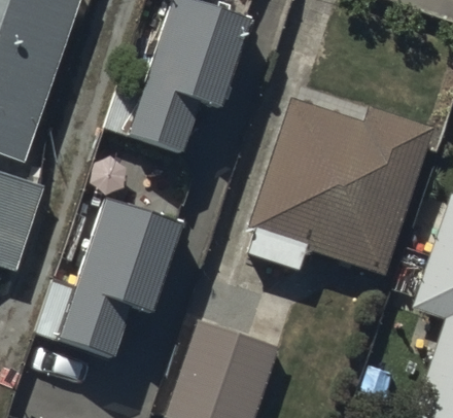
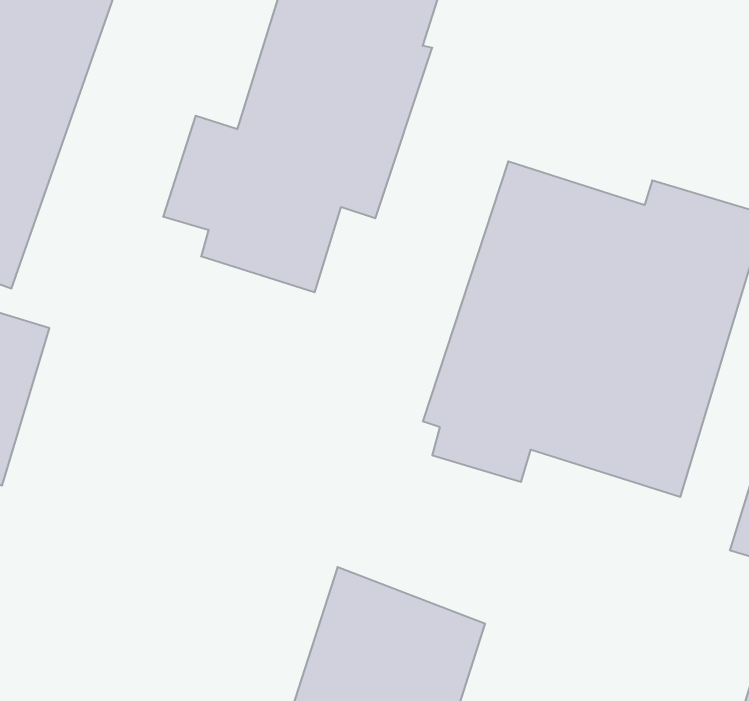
building: [36,205,181,362] -> none

